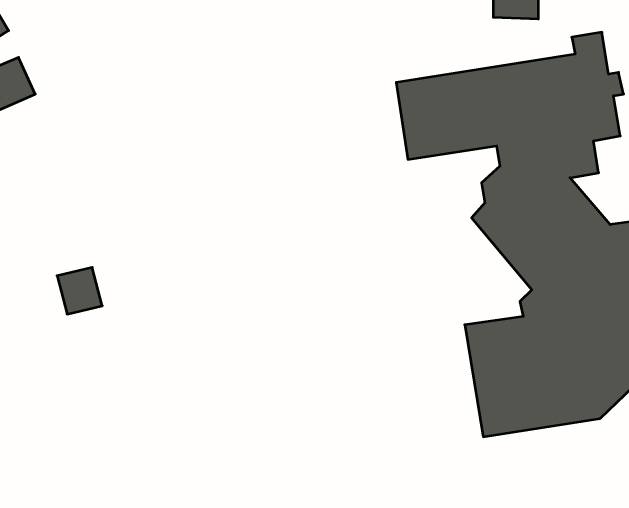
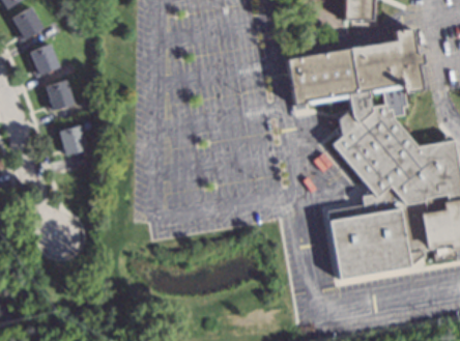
building: none -> [46,79,75,112]
building: [57,267,102,314] -> [59,125,87,154]

